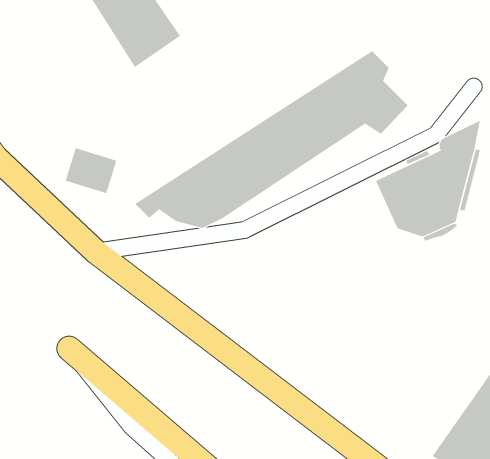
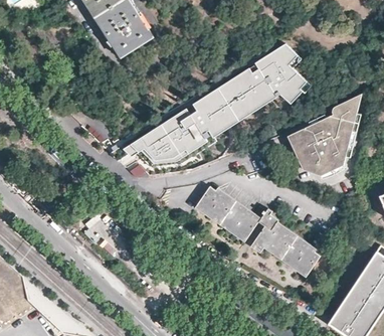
building: none -> [193,183,319,274]

